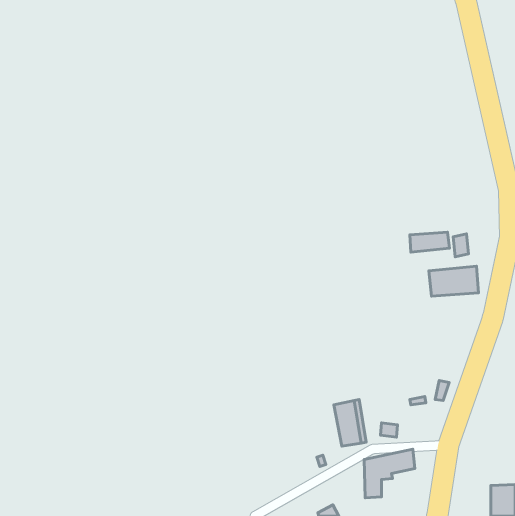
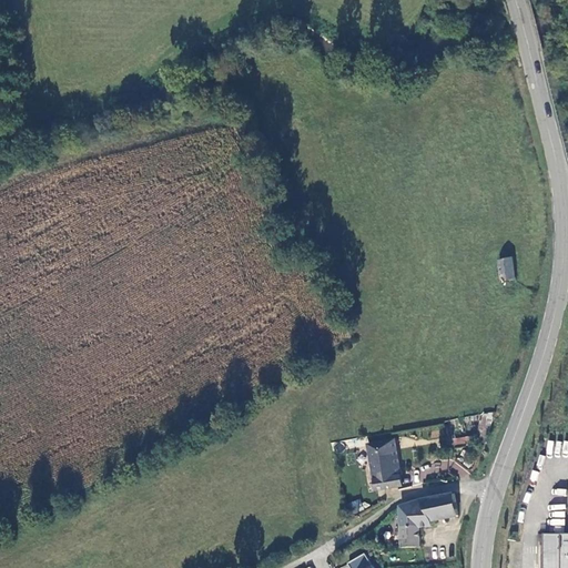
building: [410,232,449,252] -> none
building: [429,266,479,296] -> none

